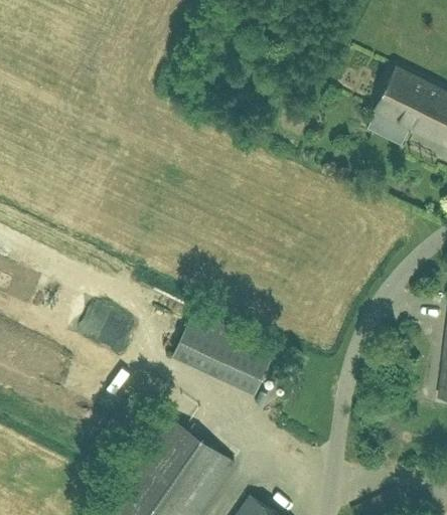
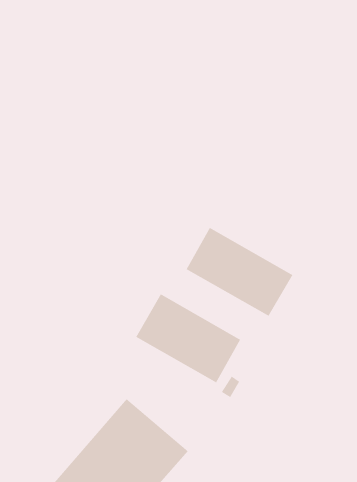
building: none -> [186,227,294,317]

